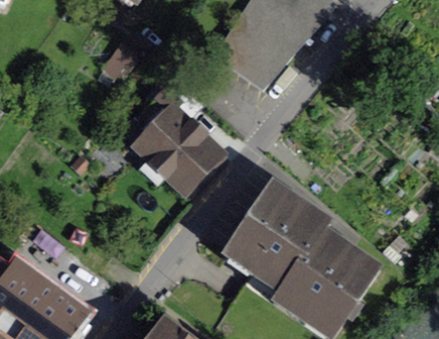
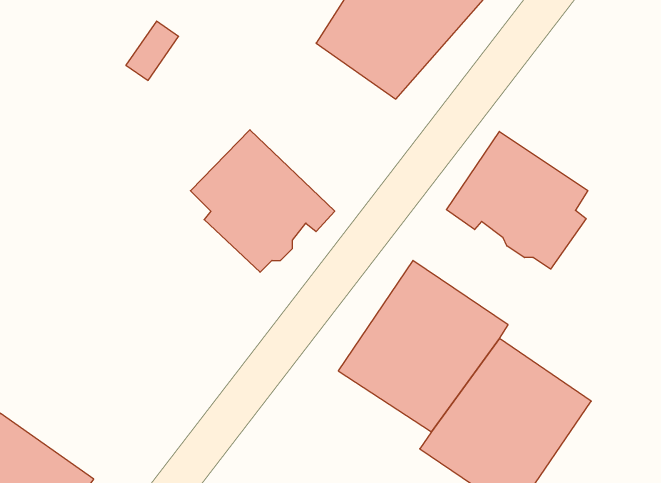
building: none -> [446,131,588,269]

